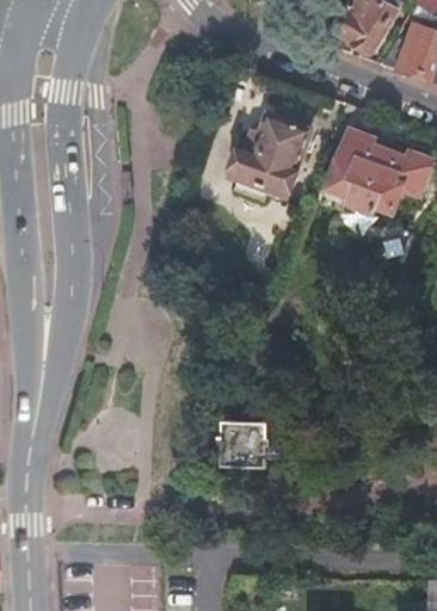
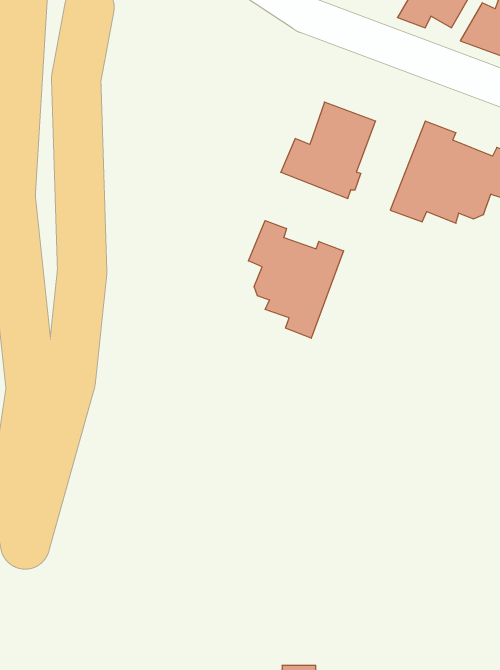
building: none -> [248,221,344,338]
building: [220,420,271,473] -> none

